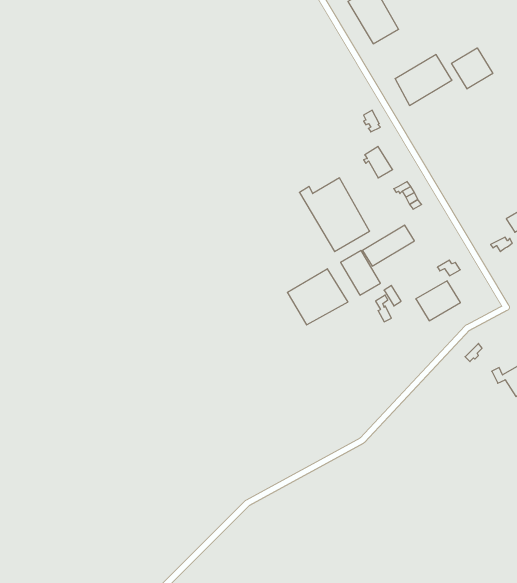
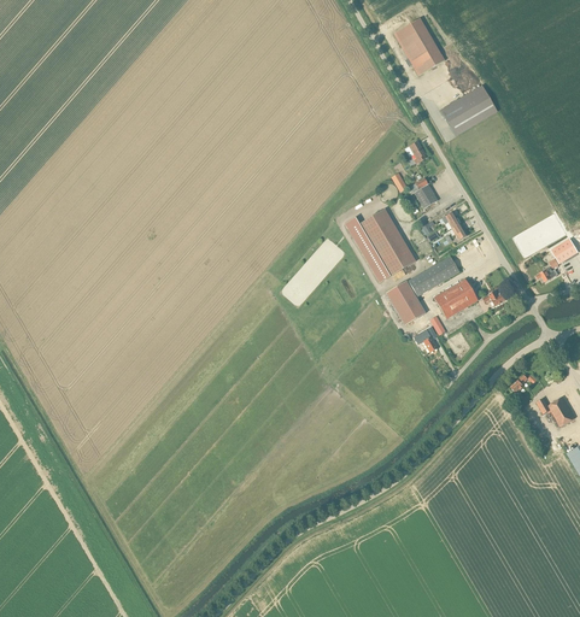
building: [452,48,493,89] -> none
building: [287,269,348,325] -> none
building: [416,281,460,321] -> [433,278,478,318]

